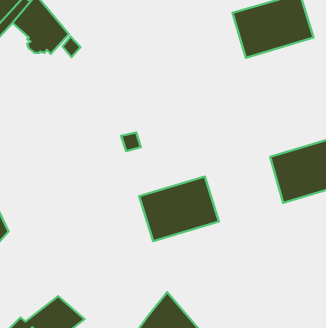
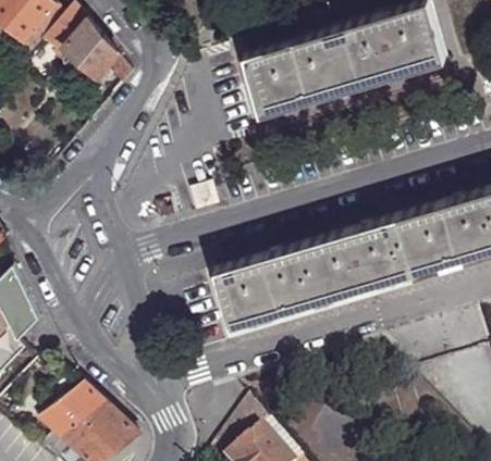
building: none -> [243,28,355,116]
building: none -> [300,220,405,306]
building: none -> [40,384,106,438]

